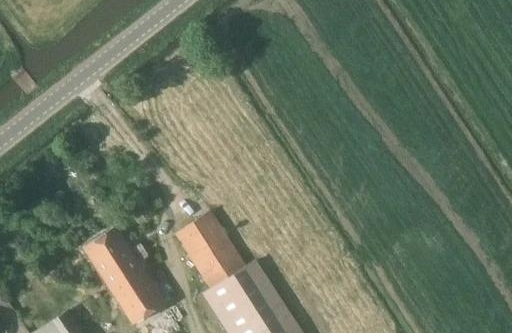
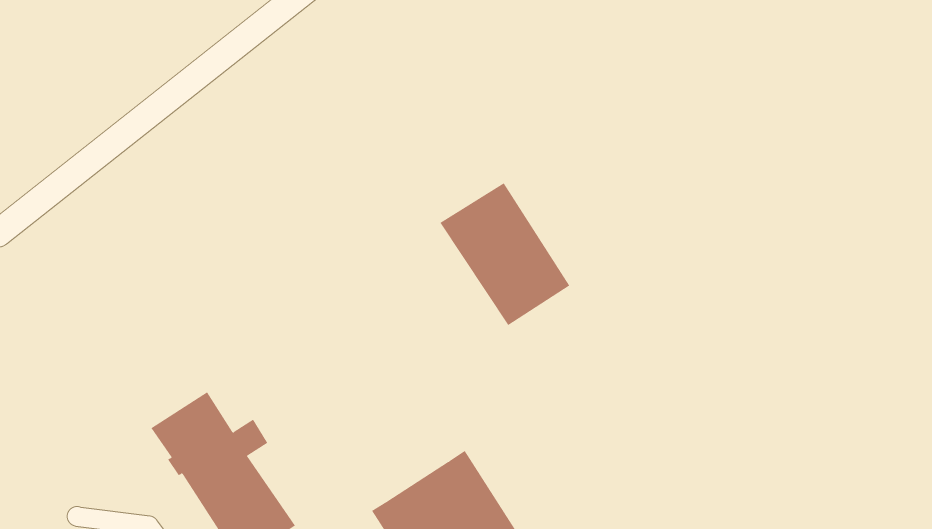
building: [176,212,247,290] -> [440,182,570,326]

